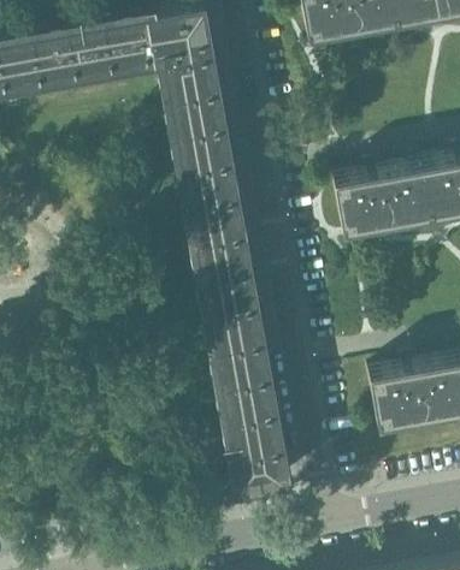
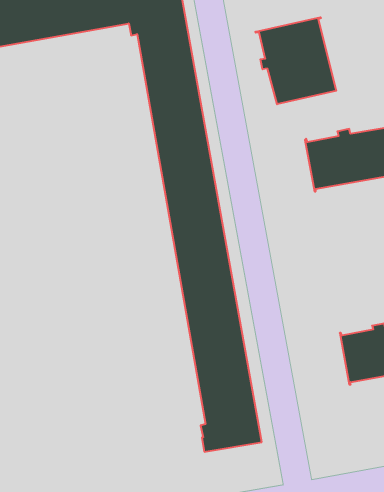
building: none -> [255,17,336,104]

